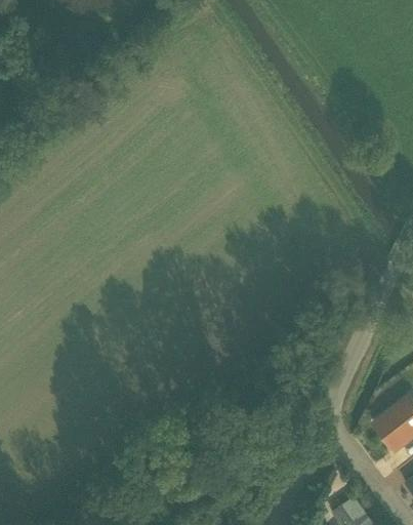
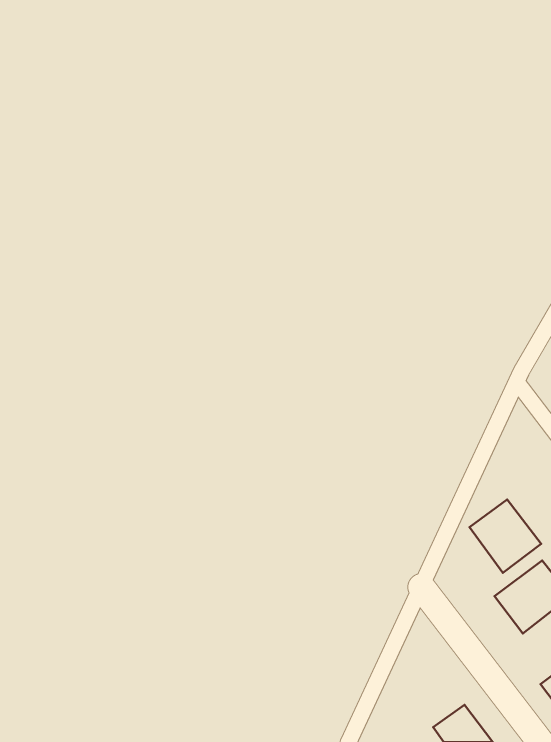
building: none -> [469,500,541,573]

